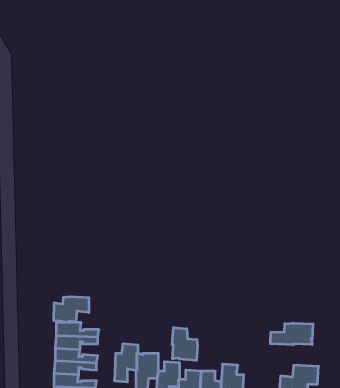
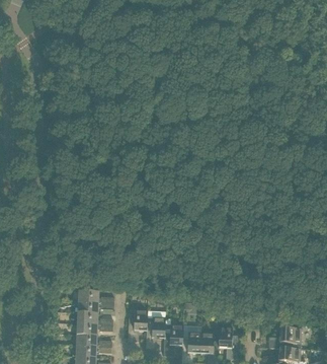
building: [54,297,89,323] -> none
building: [270,323,313,345] -> none
building: [172,328,198,360] -> none

